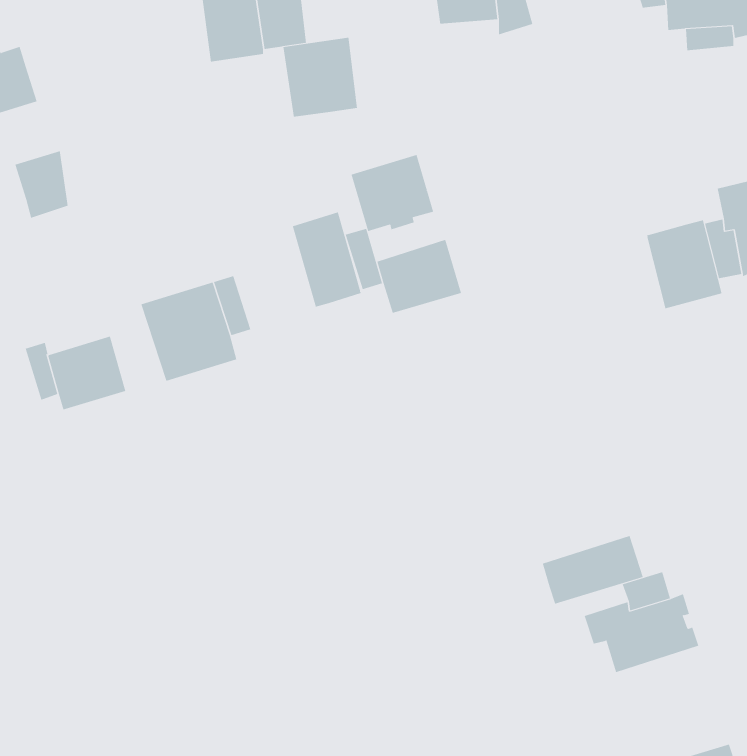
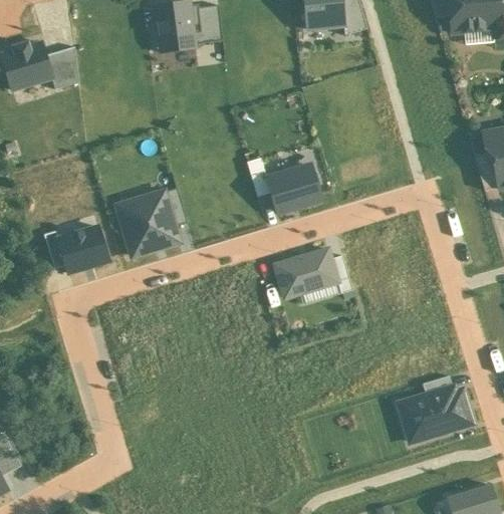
building: [283,37,358,118] -> none
building: [15,150,68,218] -> [44,46,78,89]
building: [351,154,434,232] -> none
building: [292,212,362,308] -> none
building: [646,220,722,309] -> none
building: none -> [274,249,337,298]
building: [542,535,644,605] -> none

